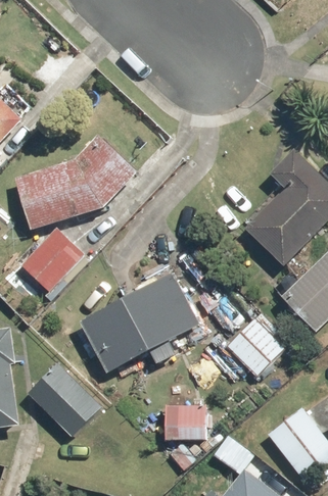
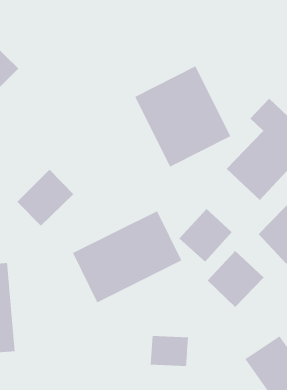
building: none -> [134,66,231,167]
building: [15,134,136,228] -> none
building: none -> [178,208,232,262]
building: [24,360,101,437] -> none

